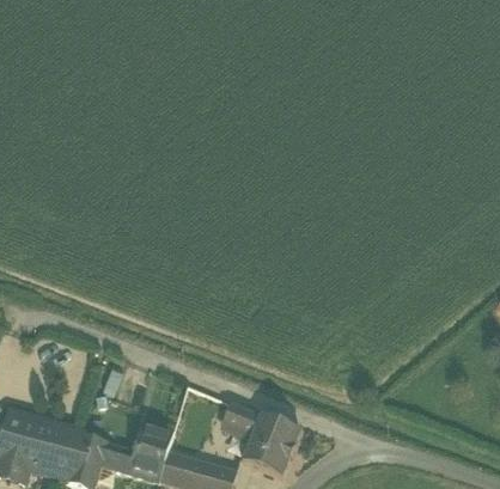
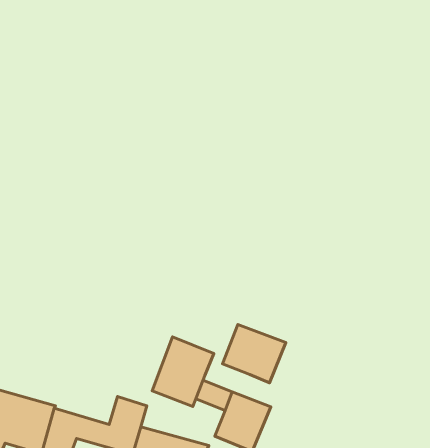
building: none -> [222,325,286,383]
building: none -> [152,337,214,406]

